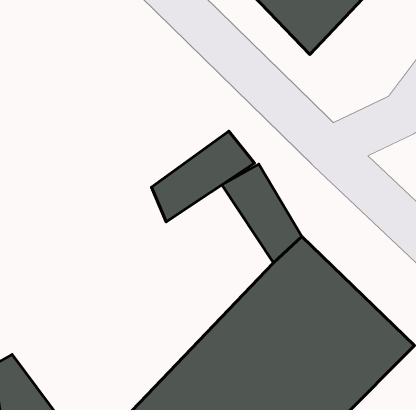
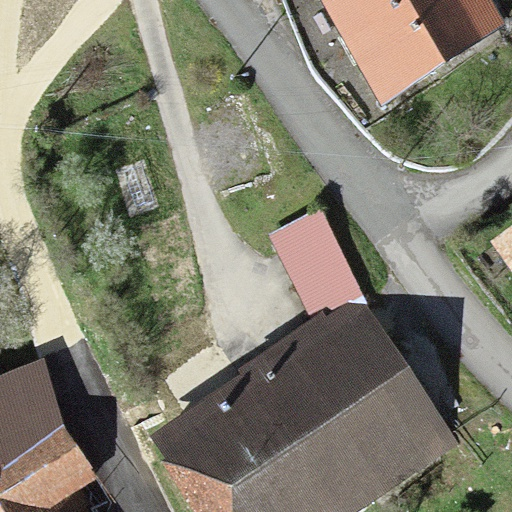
building: [152,131,254,222] -> none

